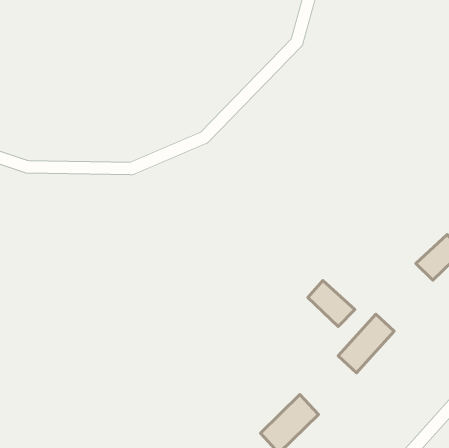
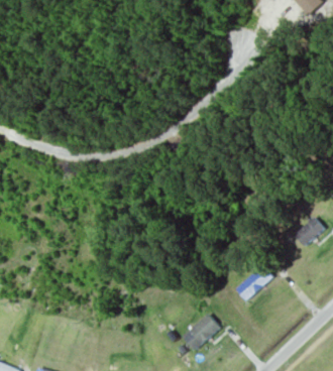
building: [308,280,355,327] -> none

